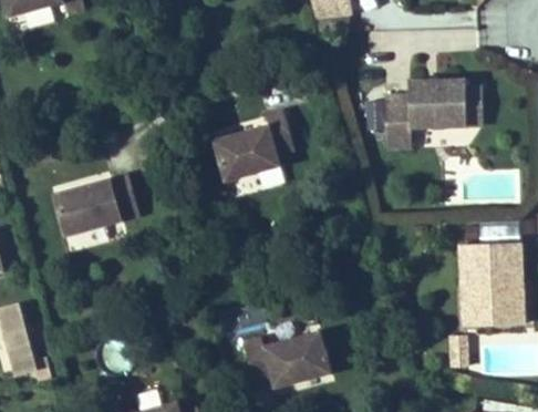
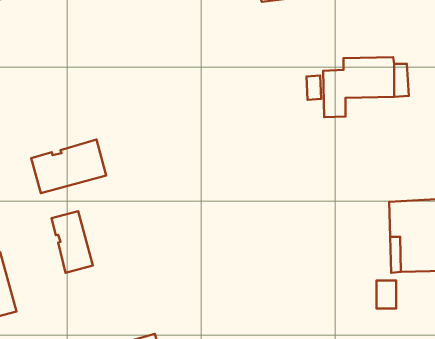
building: [213,110,294,181] -> none
building: none -> [51,211,93,273]
building: [242,330,331,388] -> none

